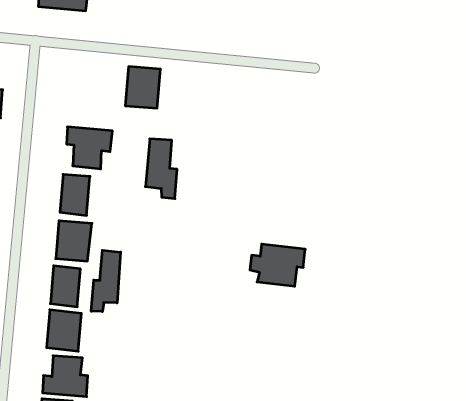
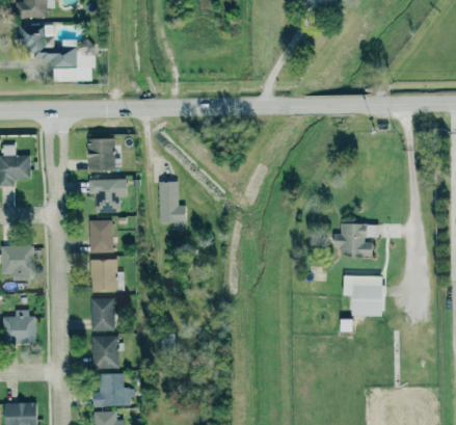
building: [125,67,160,108] -> [87,137,115,171]
building: [250,244,305,286] -> [332,223,377,256]
building: [91,250,121,312] -> none
building: none -> [342,275,381,316]

